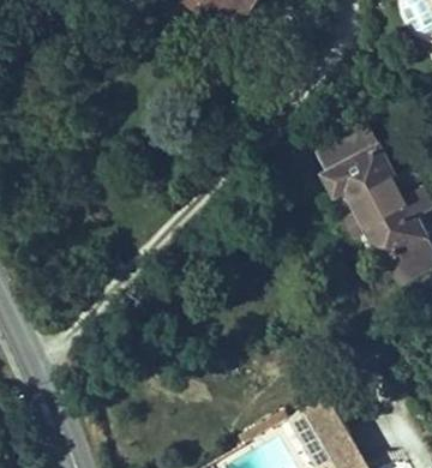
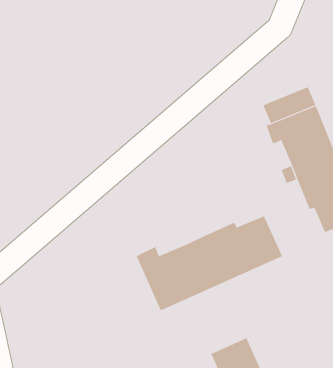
building: none -> [136,215,283,311]

